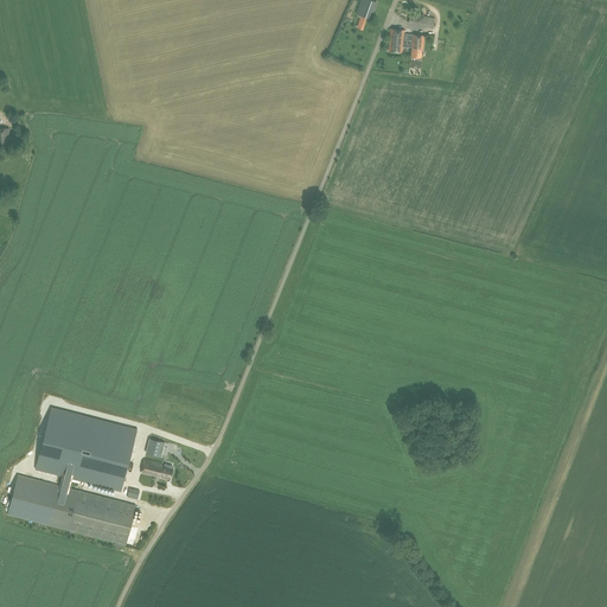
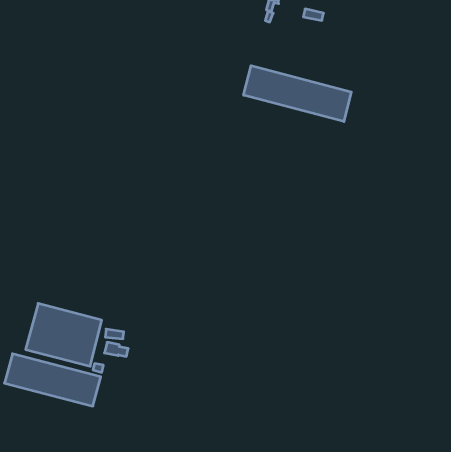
building: [388,28,423,57] -> none
building: none -> [244,66,351,122]

